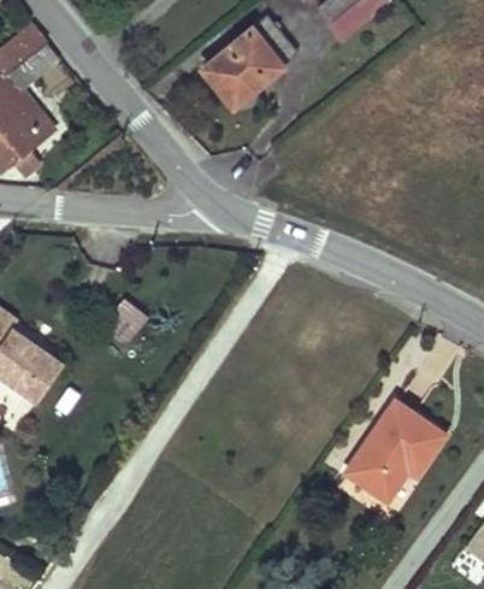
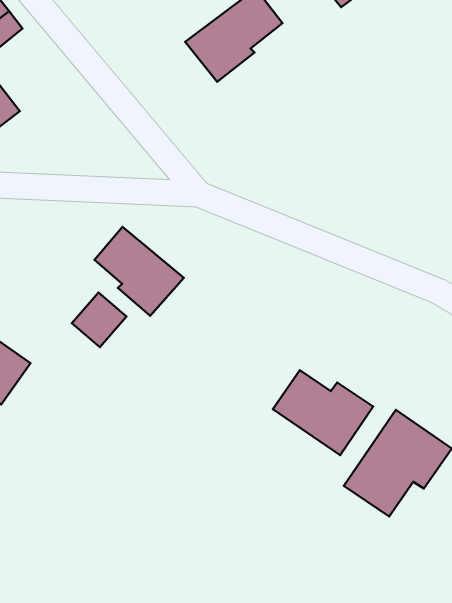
building: none -> [94,227,184,316]
building: none -> [273,370,373,455]

